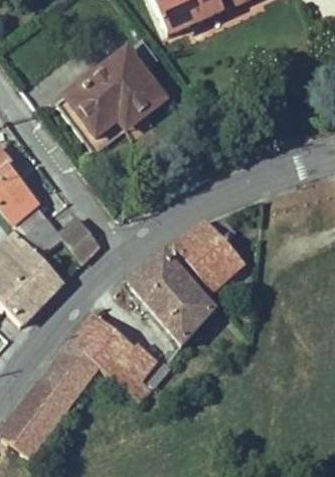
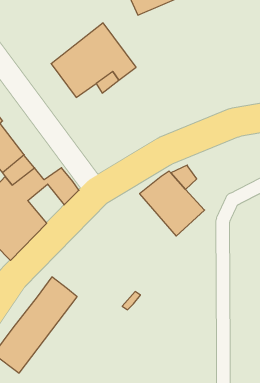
building: [116,251,216,348] -> none
building: [69,312,156,399] -> none

